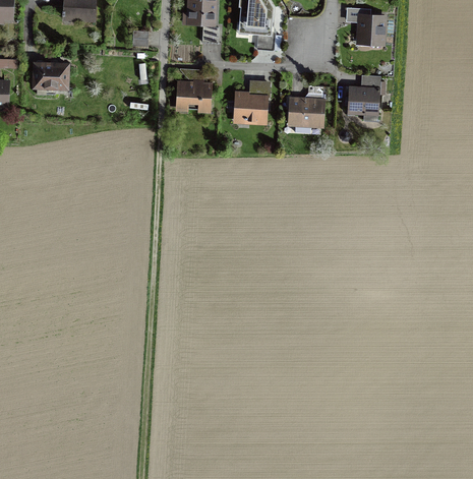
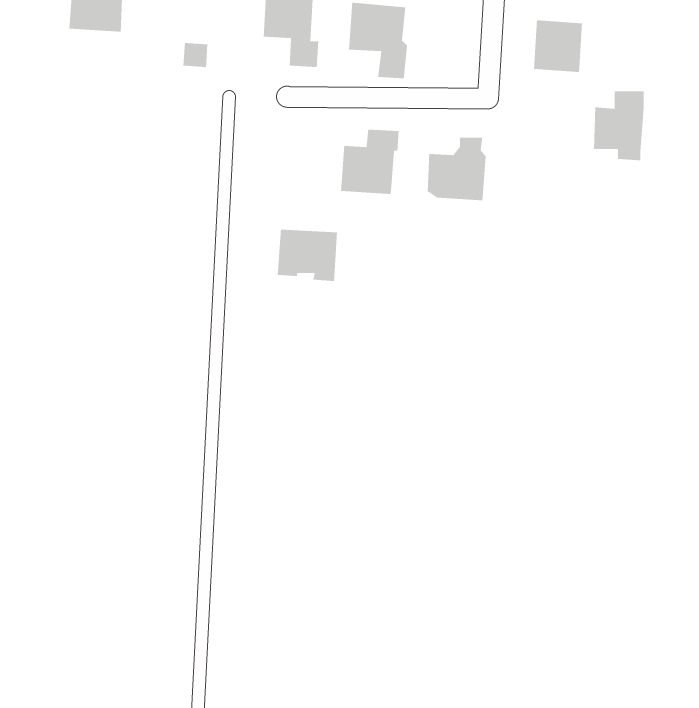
building: [31,62,68,91] -> none
building: [348,74,380,119] -> [593,90,644,161]
building: [174,80,213,114] -> [277,229,338,282]

